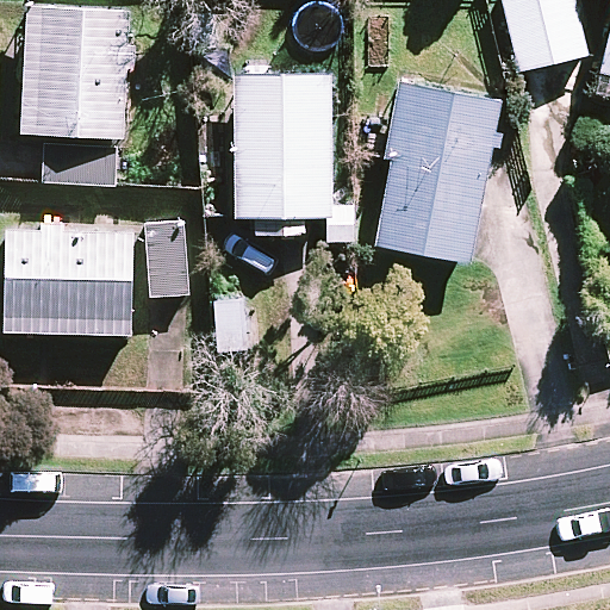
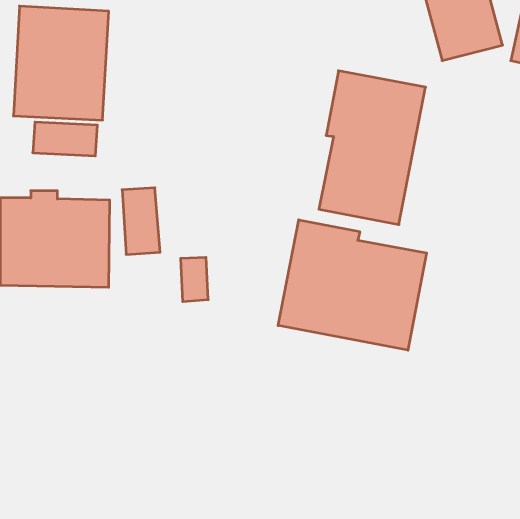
building: [234,74,331,234] -> none
building: none -> [278,220,427,350]

